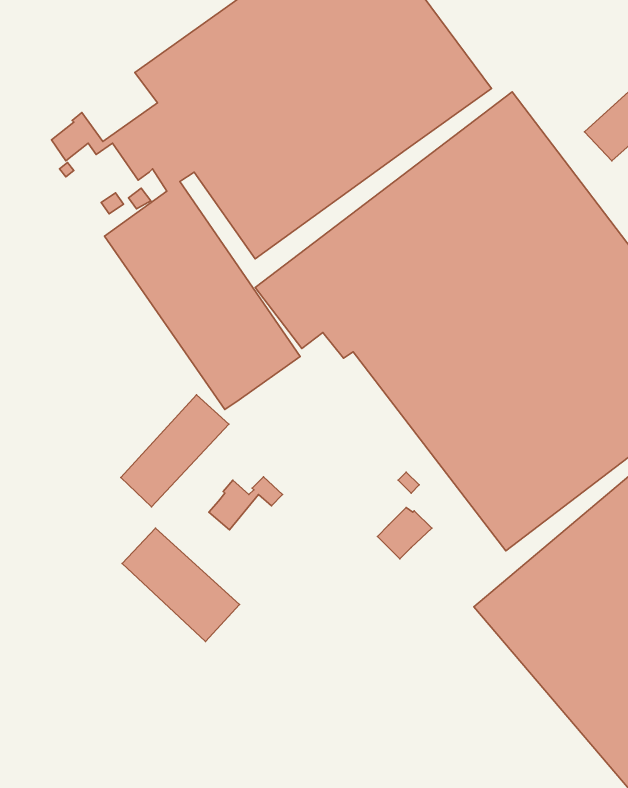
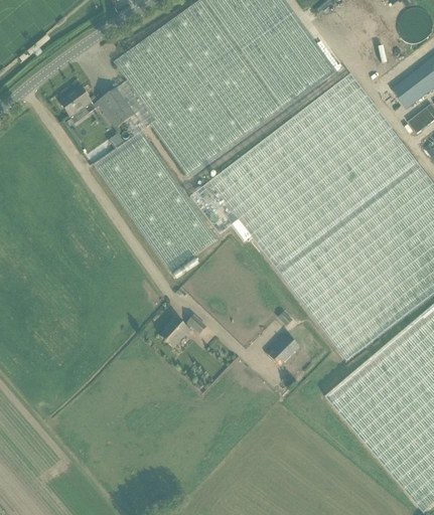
building: [121,395,229,507] -> none
building: [122,528,239,642] -> none

